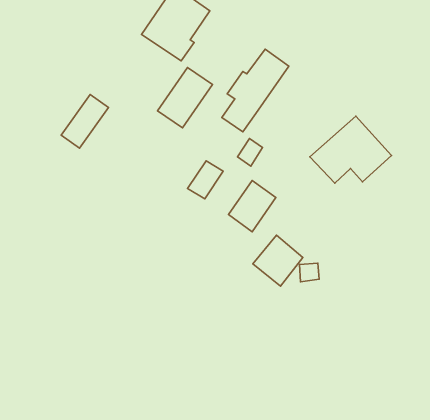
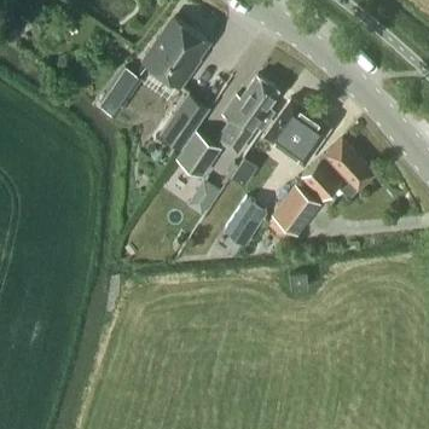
building: none -> [268,102,329,157]
building: [61,94,108,148] -> [100,66,144,116]
building: none -> [174,133,220,179]
building: [253,235,303,286] -> [272,186,318,233]

